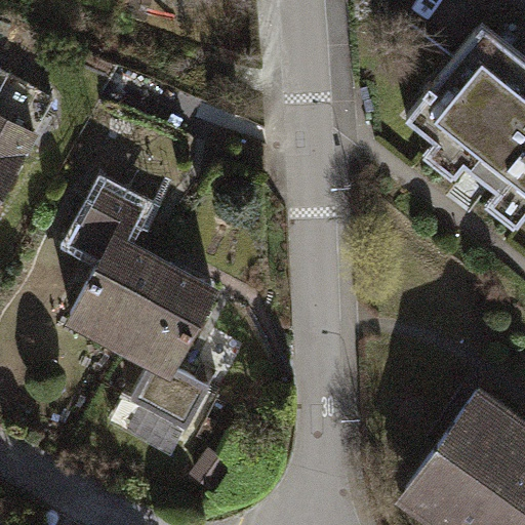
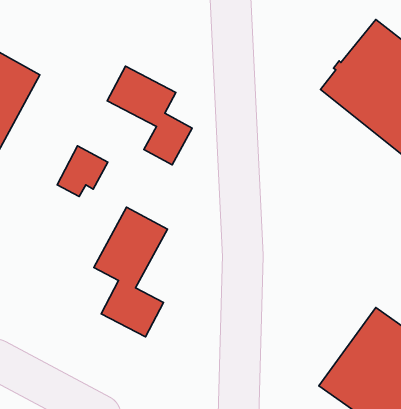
building: none -> [107,66,192,165]
building: [72,240,164,344] -> none

